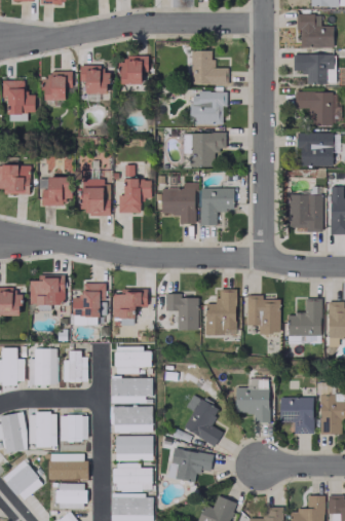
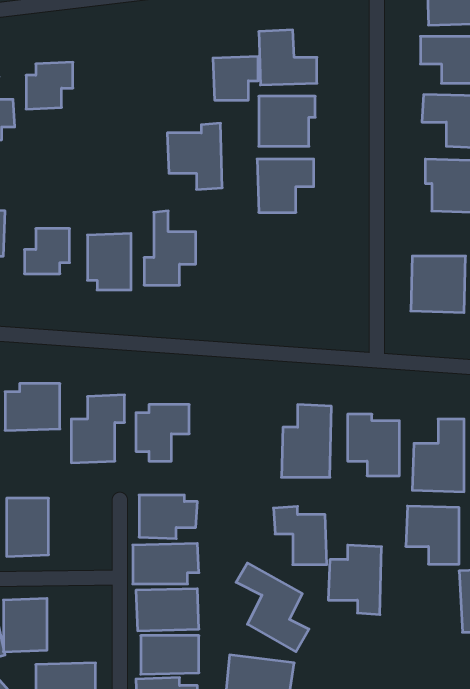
building: [119,57,148,84] -> [213,57,258,100]
building: [80,65,109,94] -> none
building: [161,182,196,224] -> [167,123,222,189]
building: [200,188,234,226] -> none
building: [165,293,199,330] -> [273,506,327,565]
building: [64,350,86,382] -> none
building: [279,397,313,434] -> [406,506,459,564]
building: [60,415,88,441] -> none

